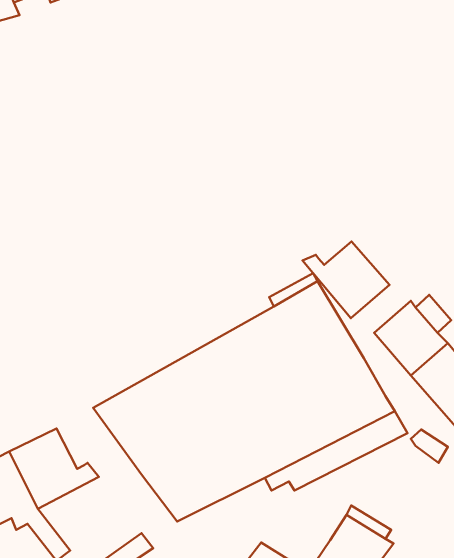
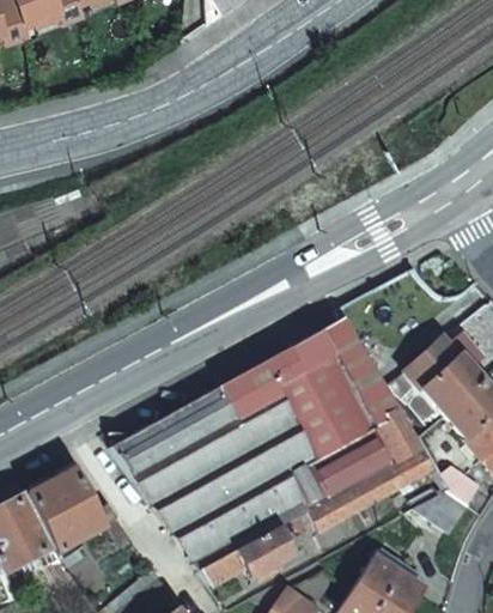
building: [302,242,389,318] -> none
building: none -> [416,486,469,535]
building: none -> [200,529,293,583]

